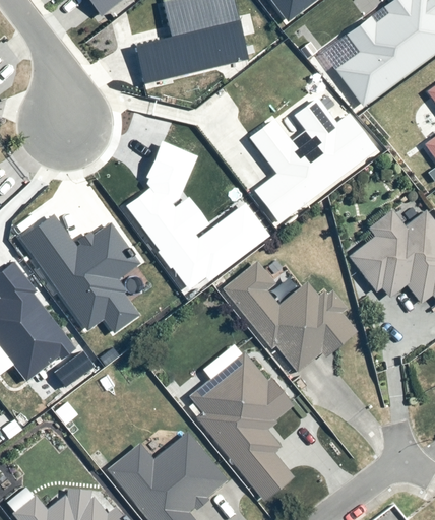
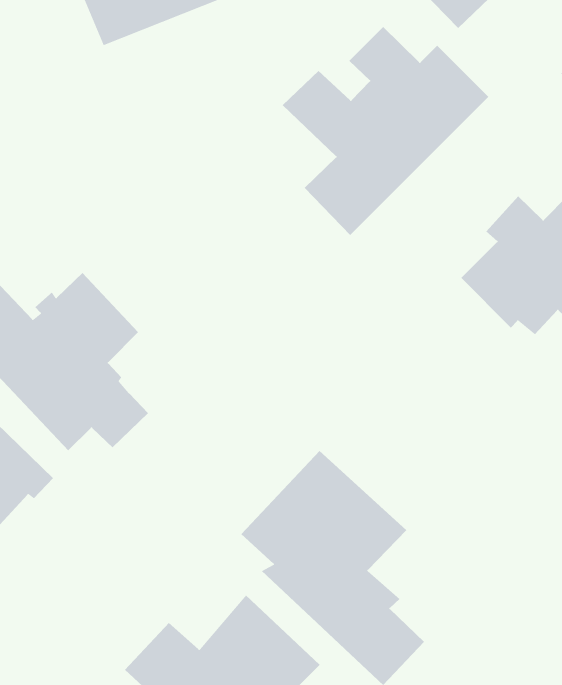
building: [129,137,274,288] -> none
building: [224,263,354,379] -> none

